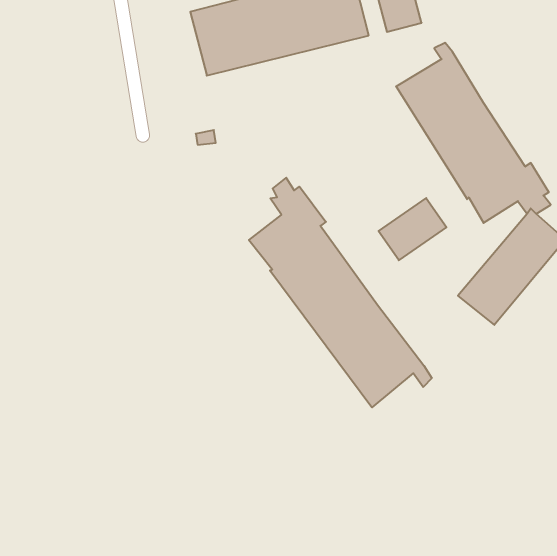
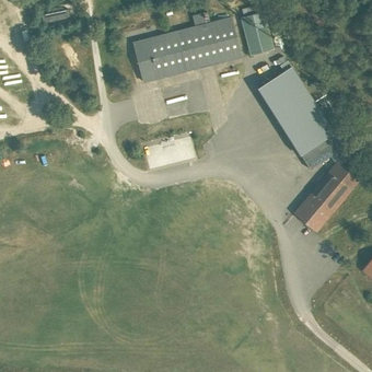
building: [249,178,432,407] -> none
building: [379,198,446,260] -> none

